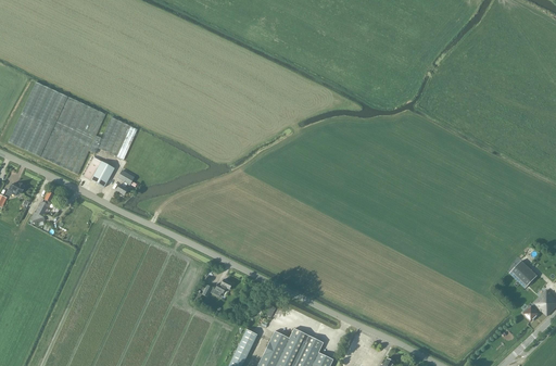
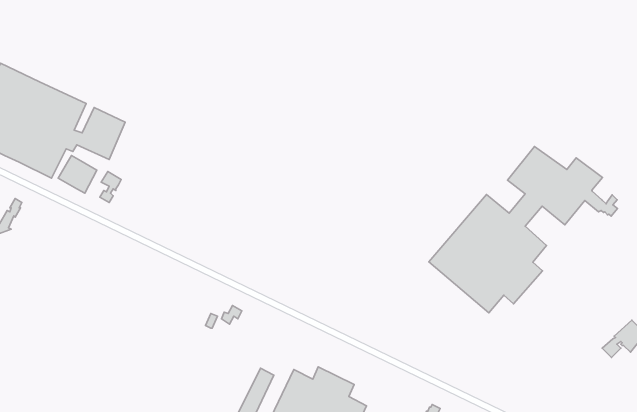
building: none -> [429,147,617,313]
building: [509,260,539,289] -> none

